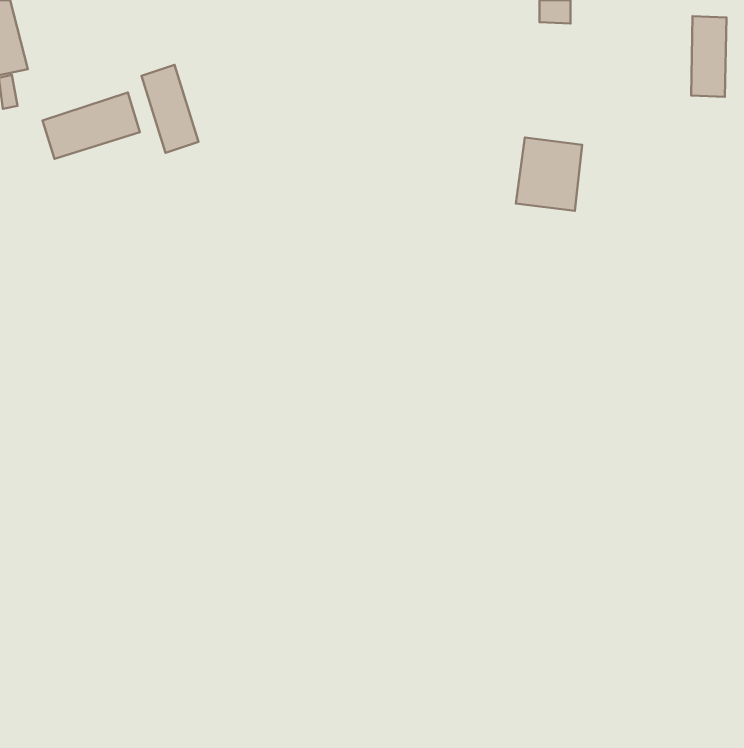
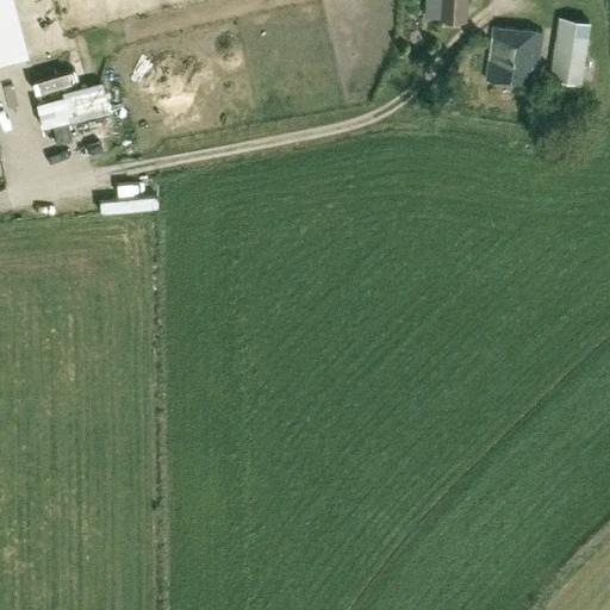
building: [142,65,198,153] -> none
building: [516,137,582,211] -> [480,29,534,88]

